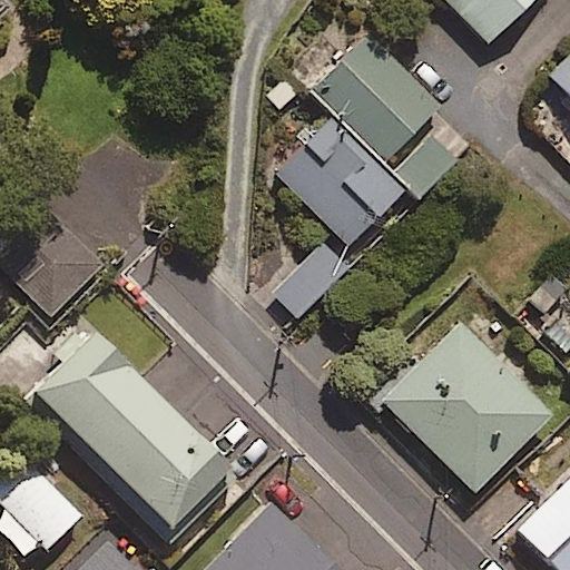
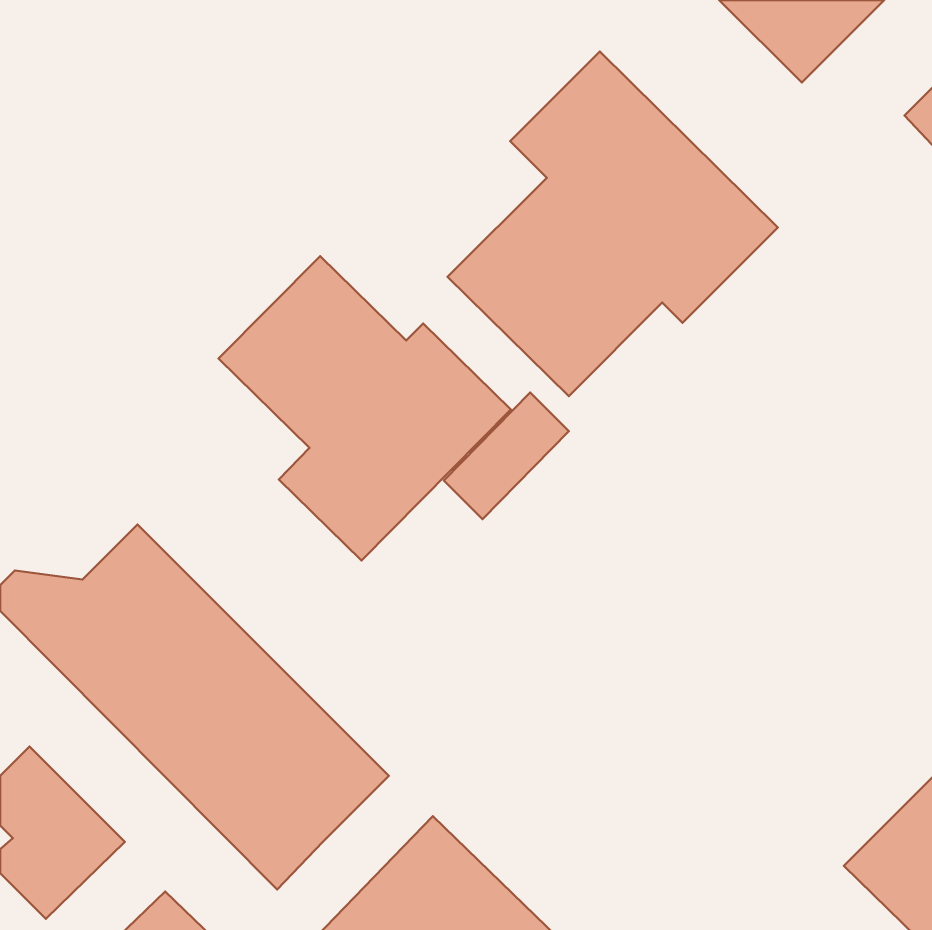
building: none -> [218,256,511,560]
building: [14,228,102,315] -> none
building: [381,318,552,491] -> none

